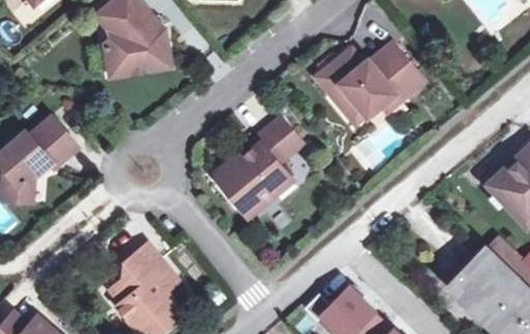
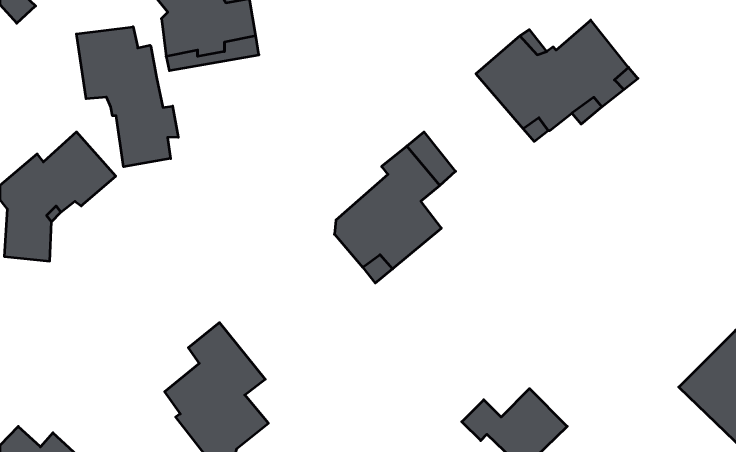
building: none -> [76,27,178,167]

